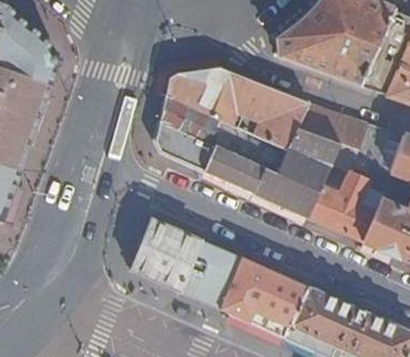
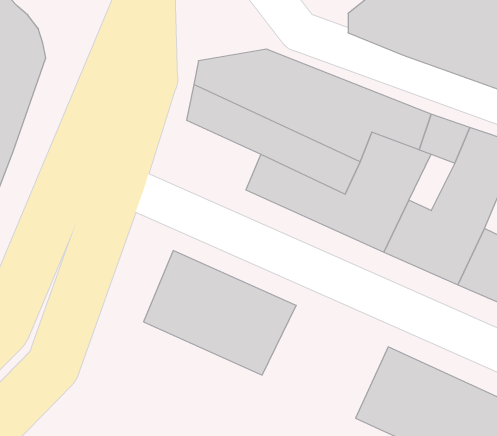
building: [154,119,213,170] -> none
building: [214,255,307,337] -> none

